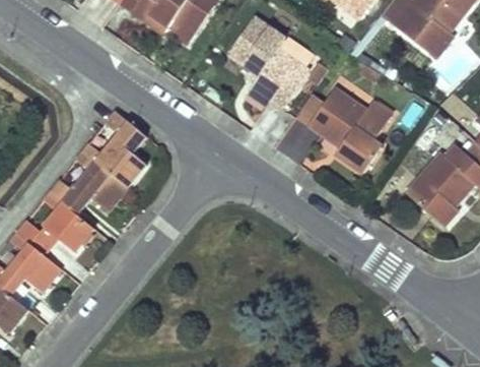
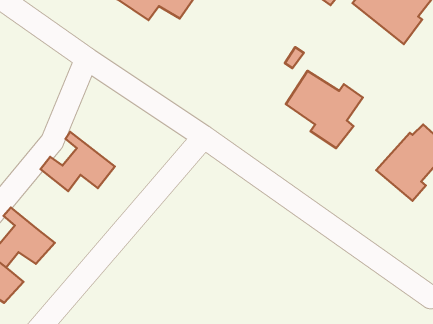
building: [229,16,317,108] -> none
building: [80,110,148,188] -> none
building: [17,191,95,255] -> none

